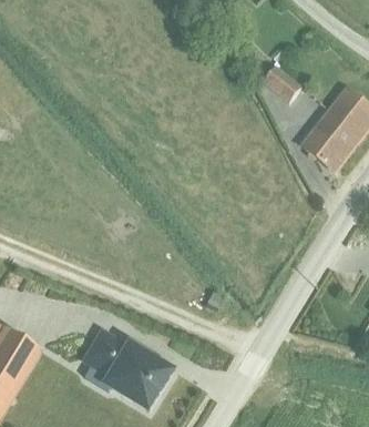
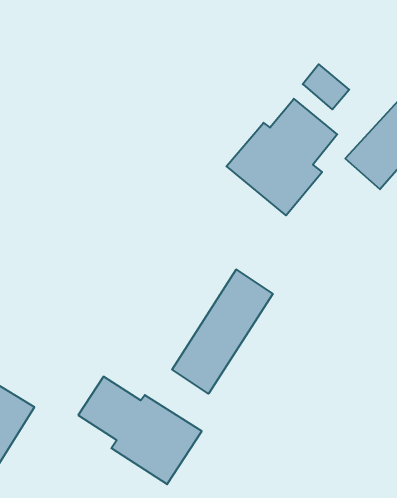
building: none -> [226,99,337,215]
building: none -> [172,269,273,394]

